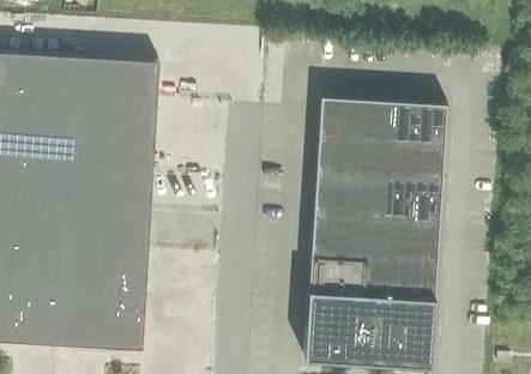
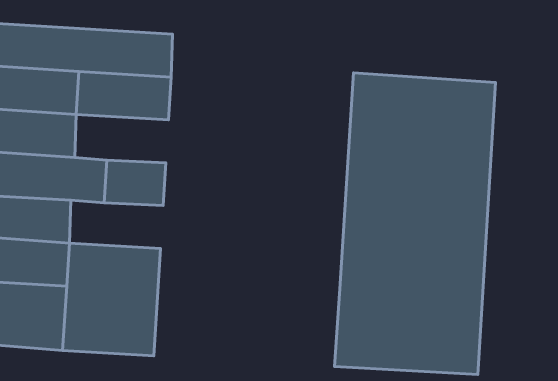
building: [70,134,153,177] -> none
building: [65,211,149,254] -> none

